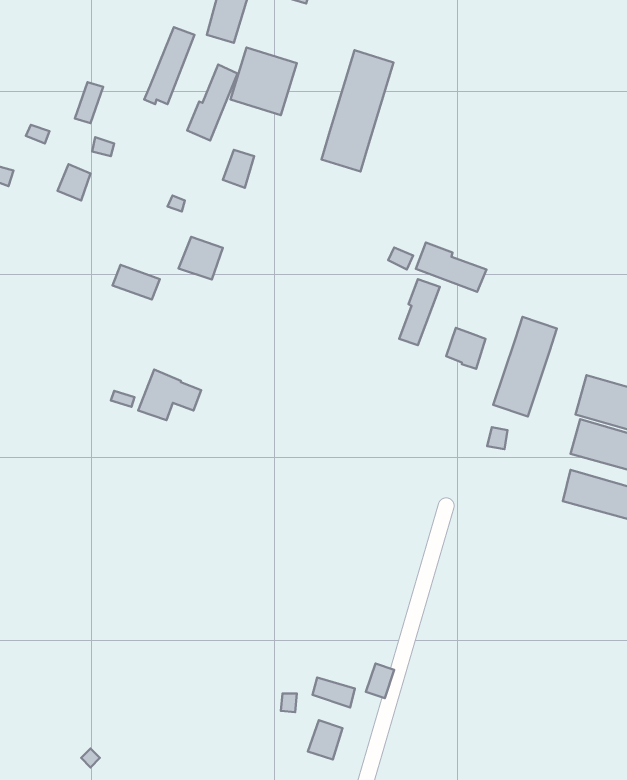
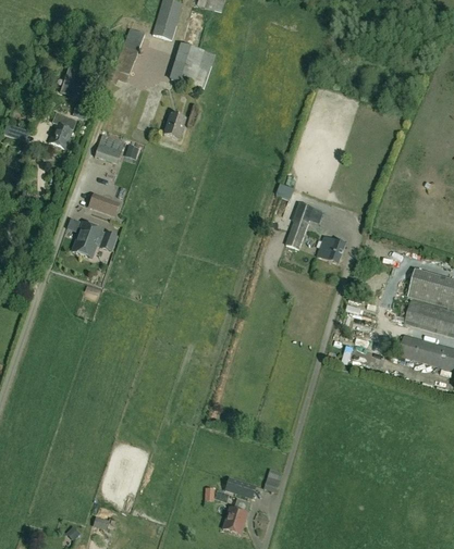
building: [321,50,394,172] -> none
building: [187,65,238,141] -> none
building: [179,237,223,279] -> [94,133,124,162]
building: [416,243,486,292] -> none
building: [493,317,557,416] -> none
building: [138,370,201,420] -> [72,221,115,255]

